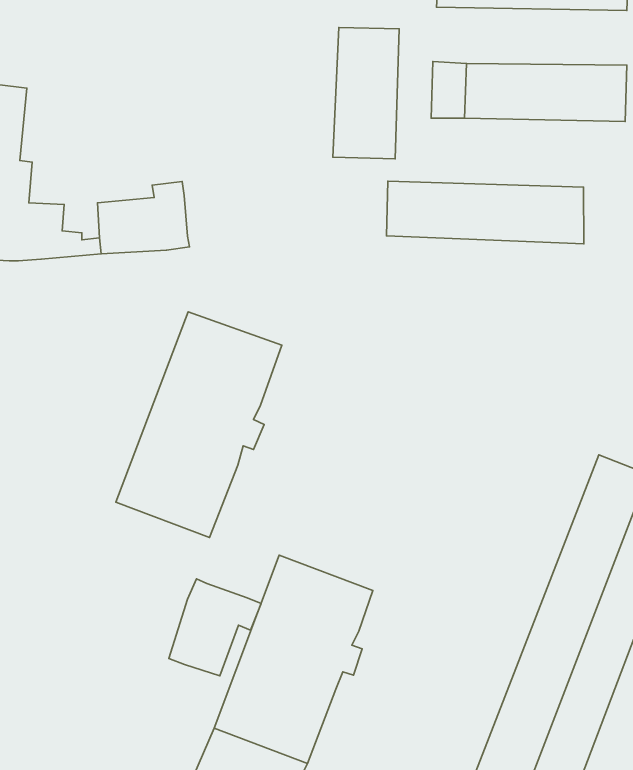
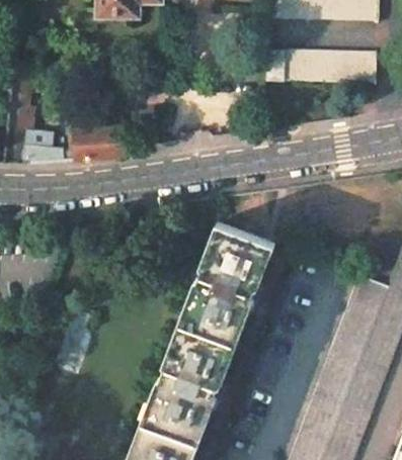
building: [333,27,399,159] -> none
building: [387,181,584,244] -> none
building: [116,312,282,537] -> [176,222,271,352]
building: [169,579,261,676] -> none

